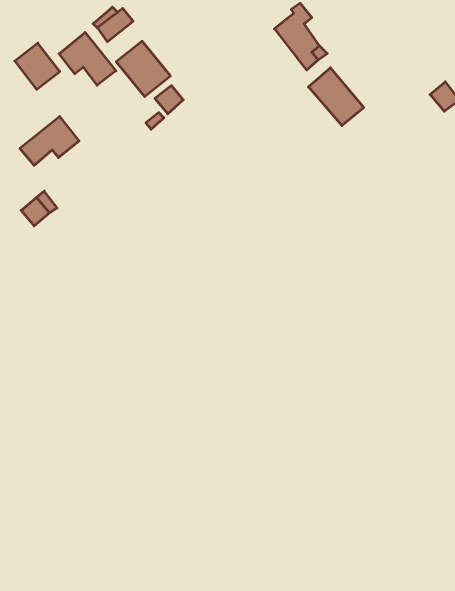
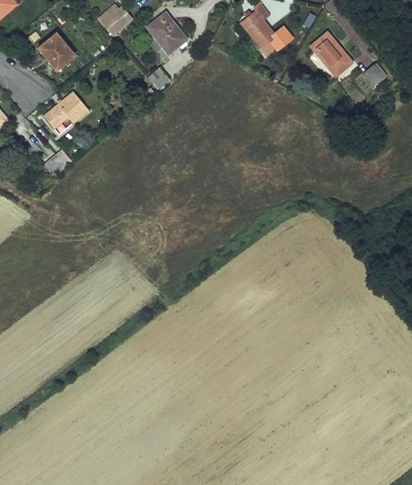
building: [59,32,116,85] -> none
building: [116,41,170,97] -> [146,12,188,55]
building: [308,68,364,126] -> [310,32,353,77]

